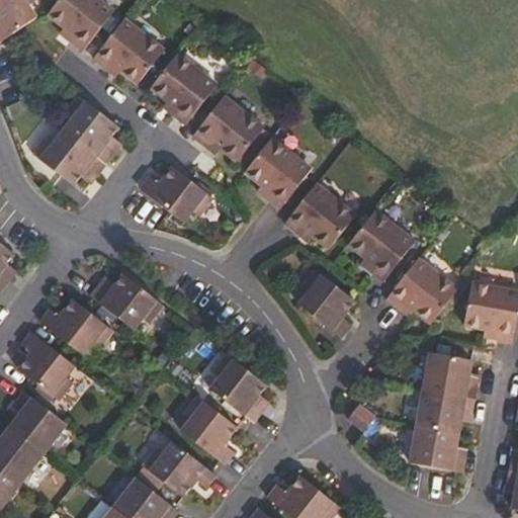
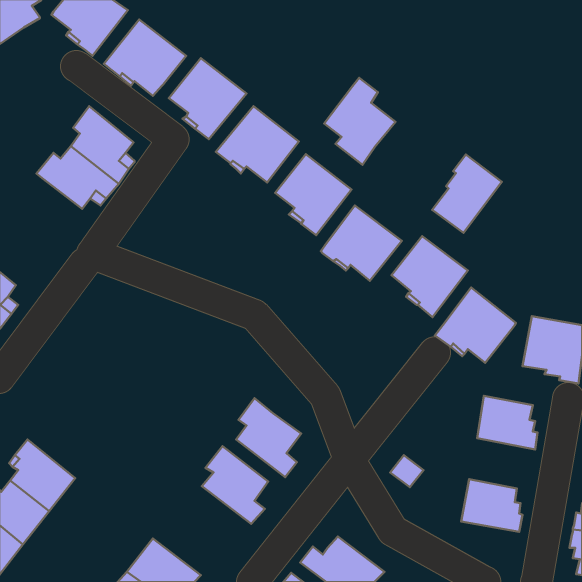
building: none -> [324,78,396,165]
building: none -> [432,155,502,233]
building: [144,166,214,224] -> none
building: [297,269,355,338] -> none
building: [89,272,164,330] -> none
building: [38,298,113,356] -> none
building: [17,331,75,401] -> none
building: [416,388,474,433] -> none
building: [142,440,215,498] -> none

